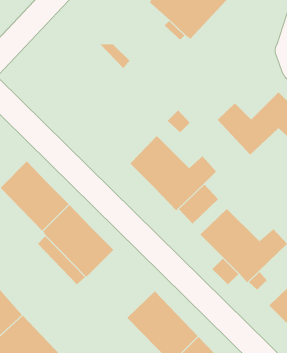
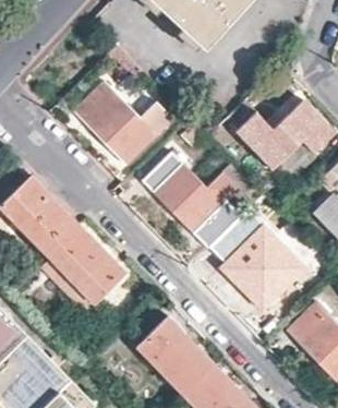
building: none -> [75,82,168,161]

